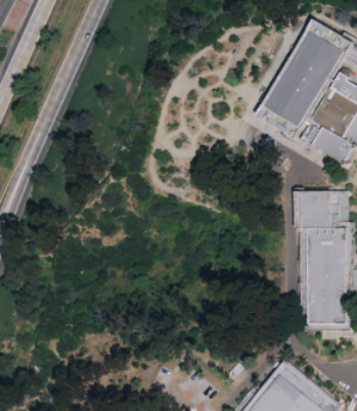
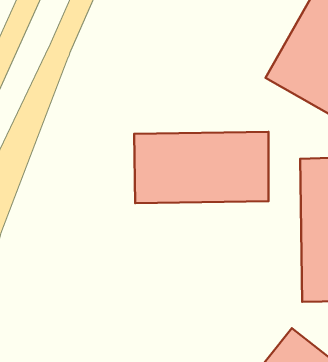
building: none -> [134,132,269,203]

